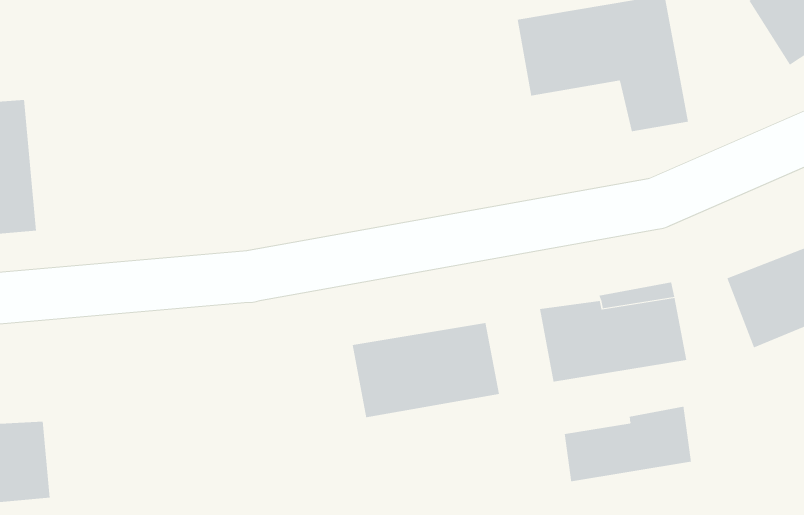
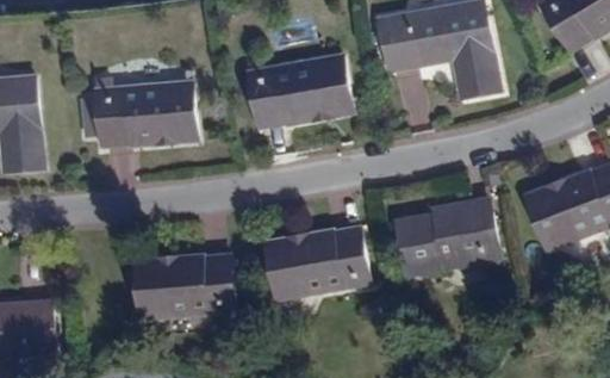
building: none -> [249,56,351,125]
building: none -> [83,85,195,144]
building: none -> [133,258,232,317]
building: [564,406,692,482] -> none

